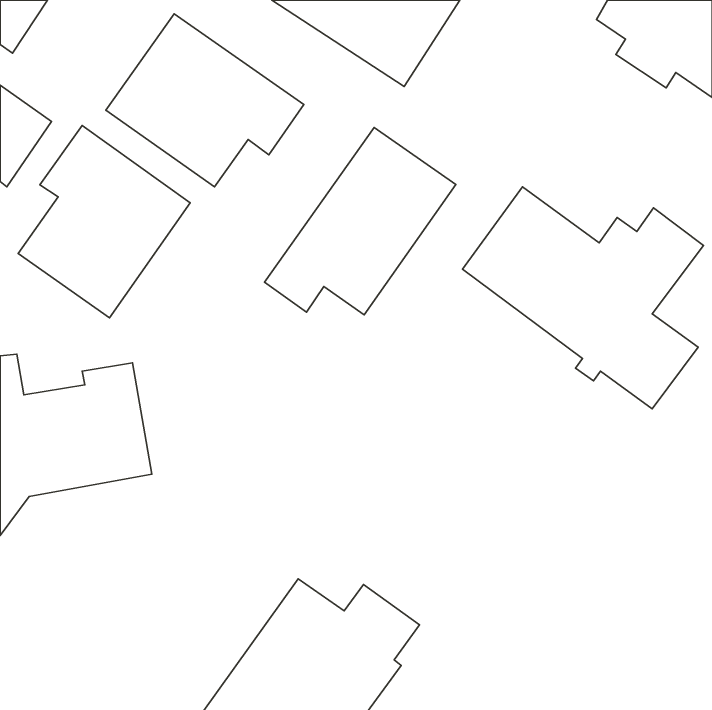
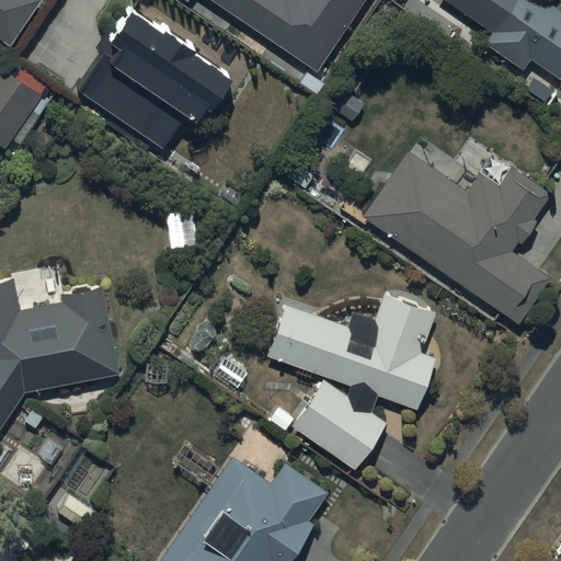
building: [18,126,190,318] -> none
building: [265,127,456,315] -> none
building: none -> [267,294,436,469]

